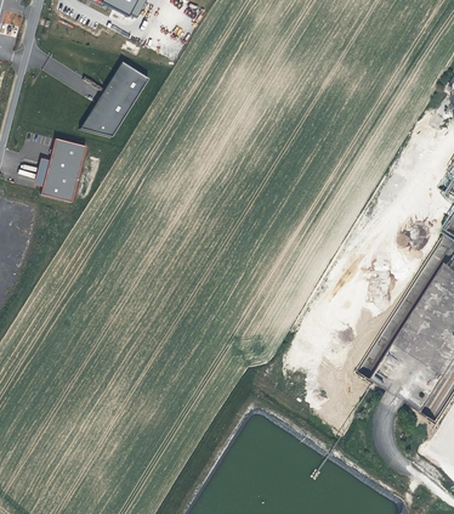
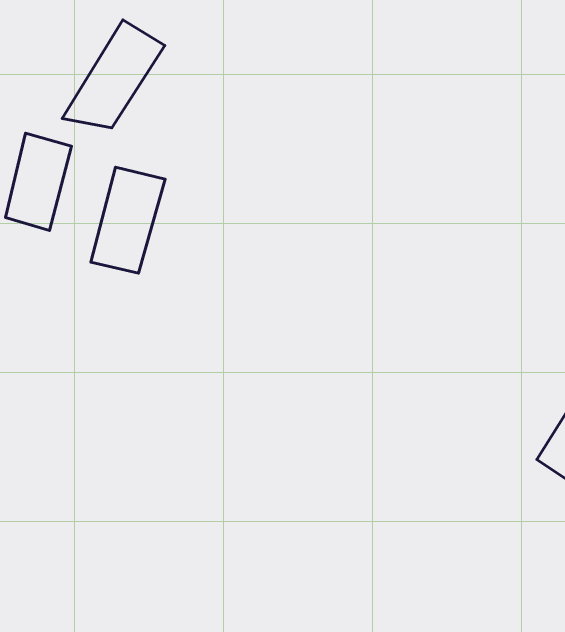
building: none -> [91,167,165,273]

